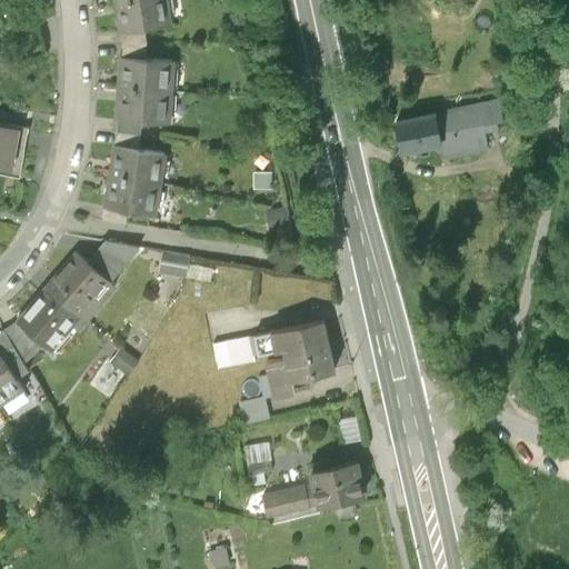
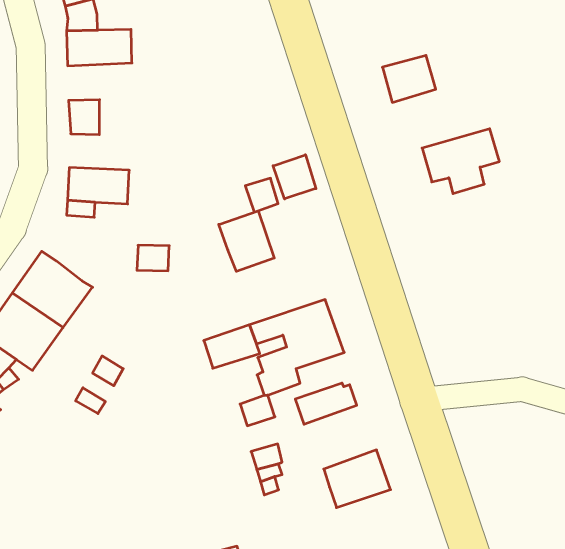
building: [113,88,173,123] -> none
building: [437,100,505,154] -> [422,129,499,194]
building: [108,149,166,187] -> none
building: none -> [273,155,316,199]
building: none -> [219,211,274,271]
building: [88,242,138,281] -> none
building: [261,486,316,519] -> [295,383,357,424]

